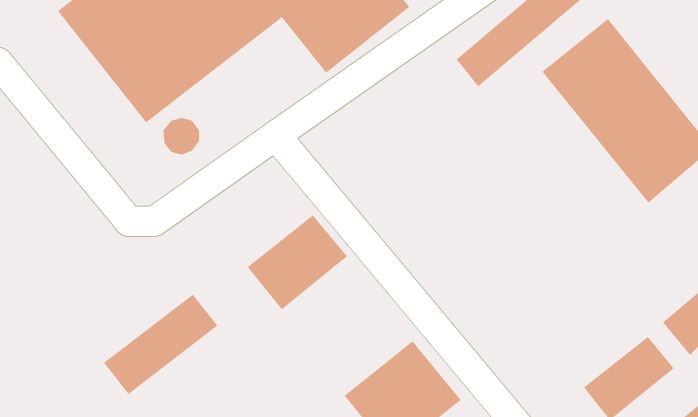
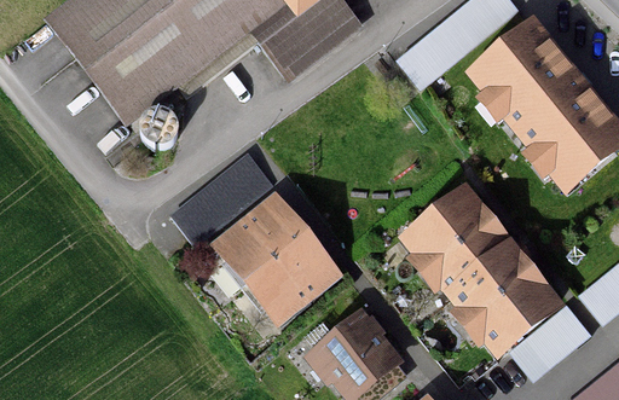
building: none -> [386,179,562,361]
building: none -> [248,236,335,318]
building: [103,294,218,395] -> [174,155,274,243]

